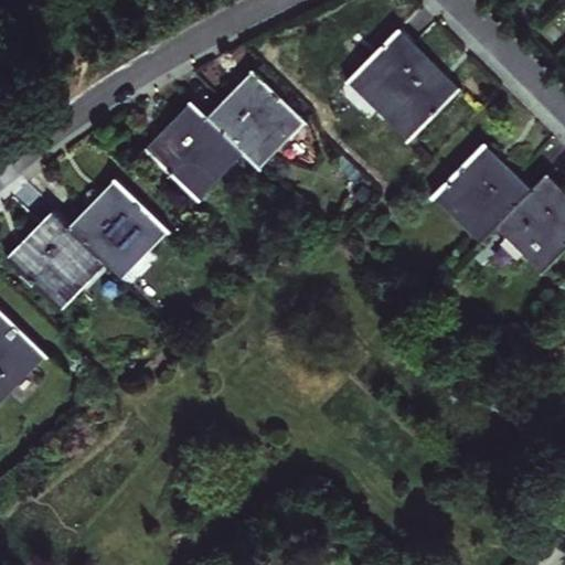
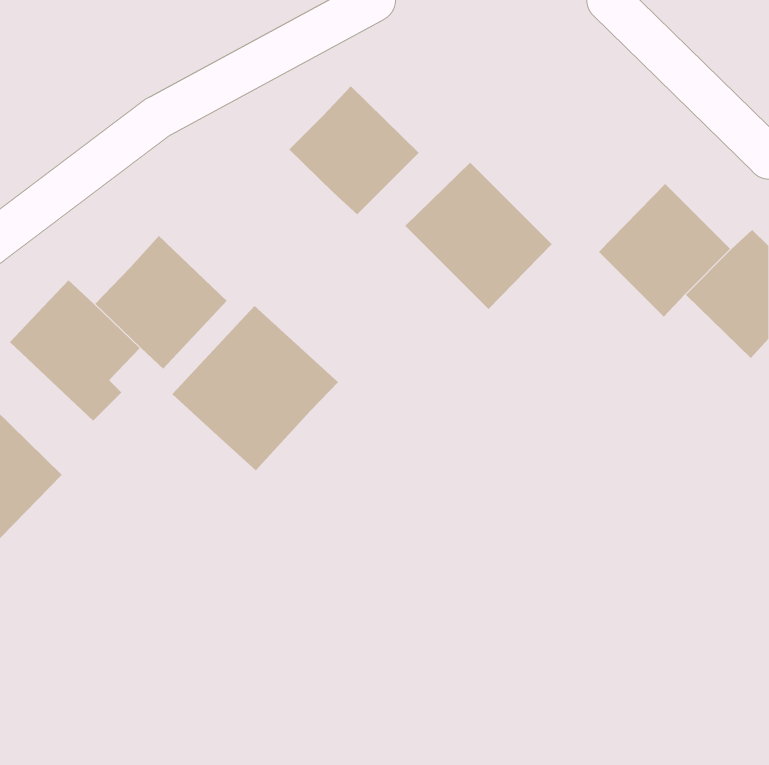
building: [349,31,456,138] -> [405,162,553,310]
building: [146,103,241,198] -> none
building: none -> [171,305,339,471]

